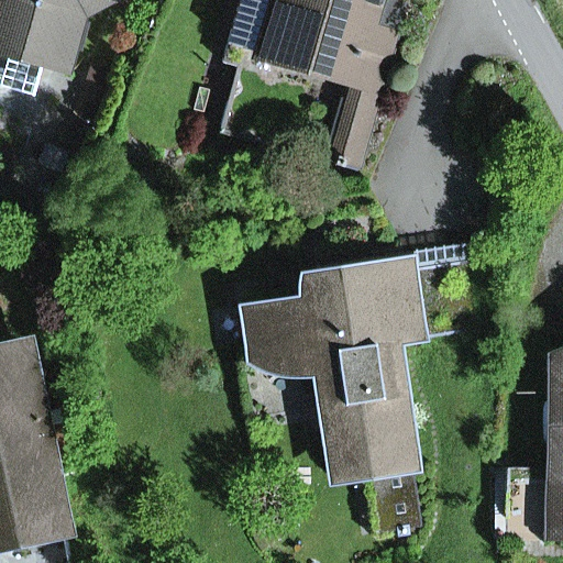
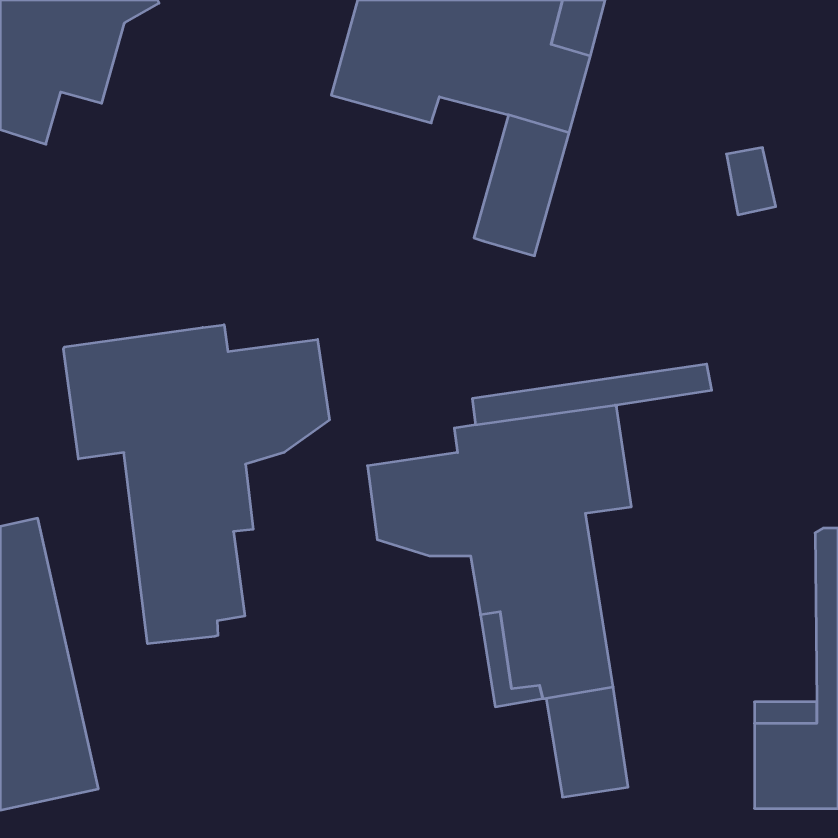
building: none -> [63,325,329,644]

